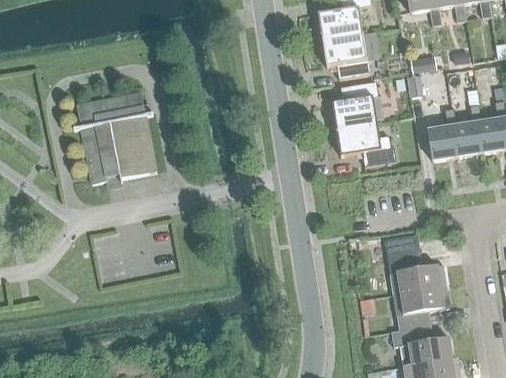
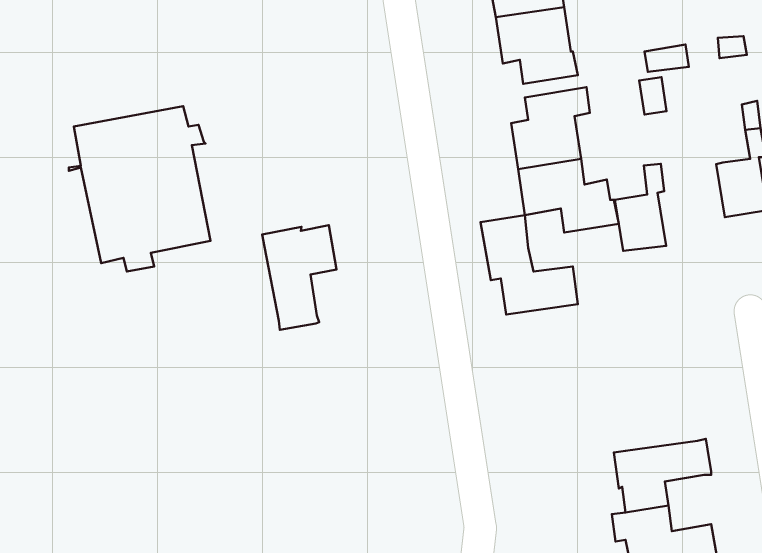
building: [427,108,457,159] -> [615,164,666,251]
building: none -> [262,225,337,330]
building: [384,235,441,293] -> [480,215,578,314]

